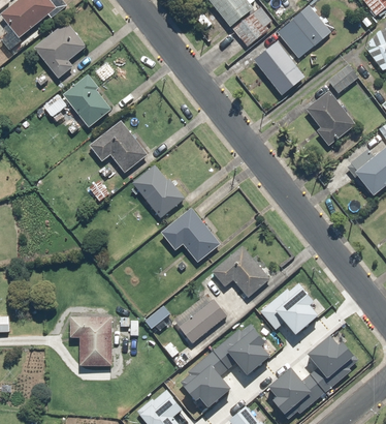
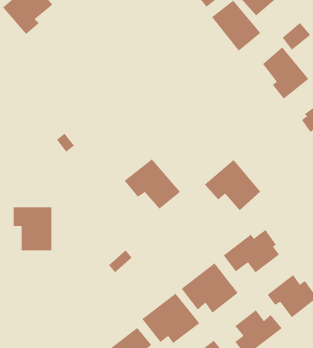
building: [62,74,111,128] -> none
building: [88,120,148,174] -> none
building: [131,164,186,219] -> none
building: [210,244,269,299] -> [204,159,261,211]
building: [171,294,225,344] -> none
building: [70,319,111,365] -> [13,207,52,251]

